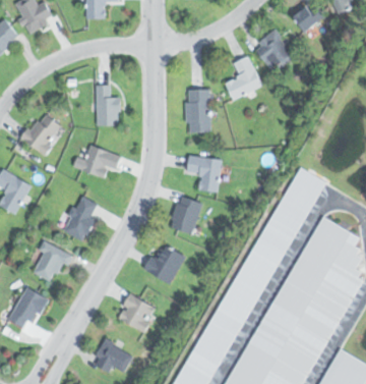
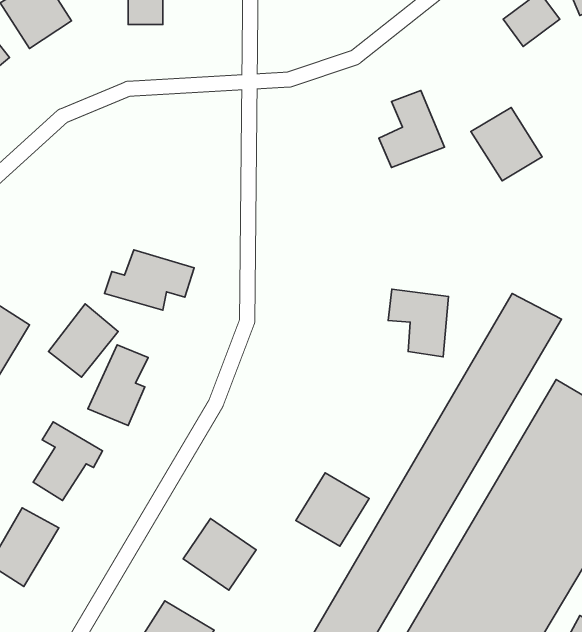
building: [254,31,294,71] -> [471,108,542,181]
building: [96,85,119,126] -> none
building: [186,90,209,132] -> none
building: [22,112,61,153] -> [49,304,118,377]
building: [187,156,221,194] -> [388,289,449,357]
building: [169,197,202,235] -> none
building: [144,243,185,284] -> [296,473,369,546]

